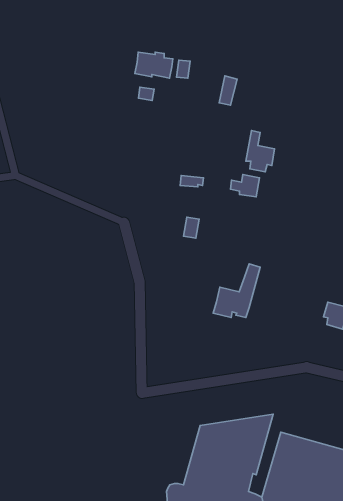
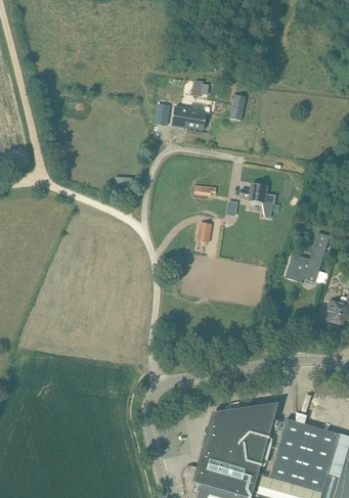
building: [135,52,173,78] -> [172,105,207,129]
building: [246,131,274,172] -> none
building: [213,264,260,318] -> [286,232,329,281]

